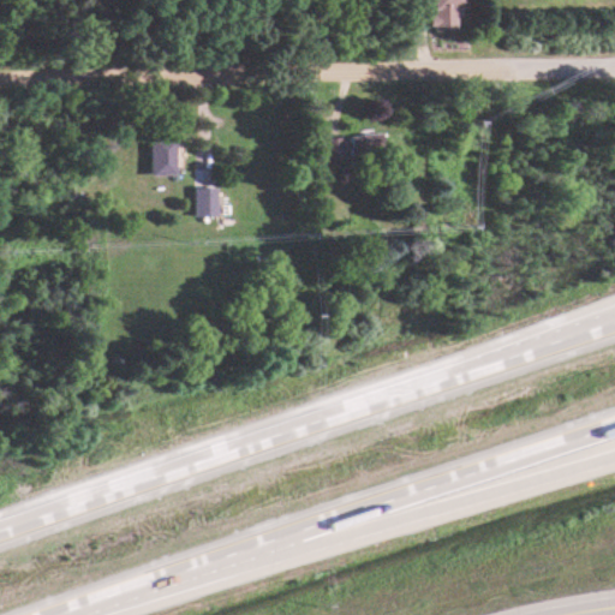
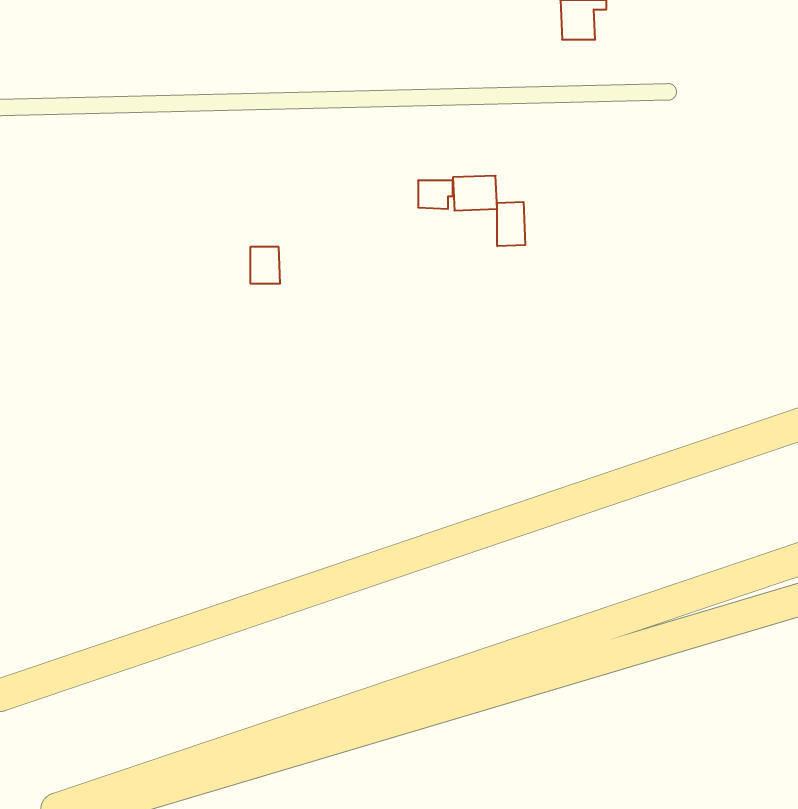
building: [153,137,180,174] -> none
building: none -> [497,202,525,246]

